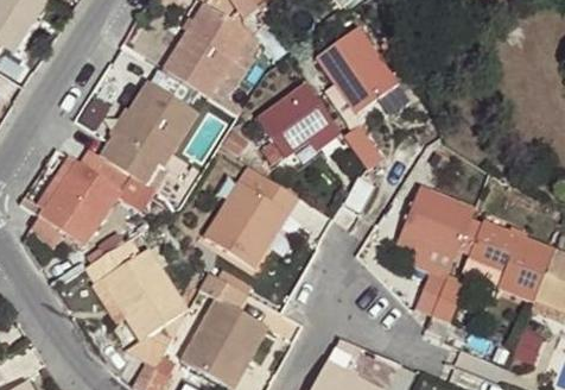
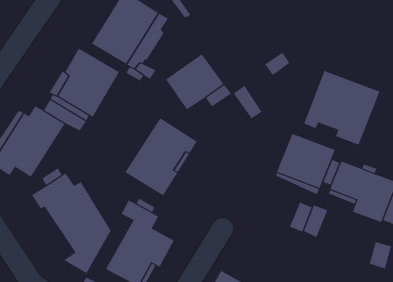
building: [313,29,396,114] -> none
building: none -> [303,70,380,146]

